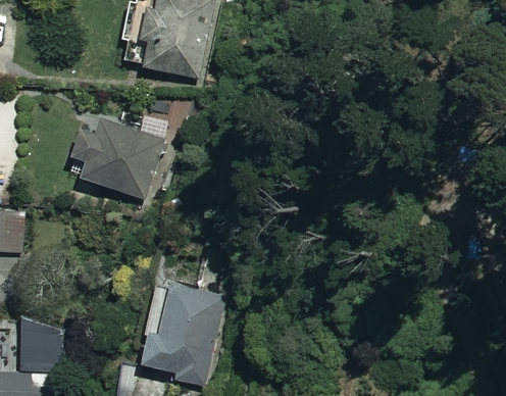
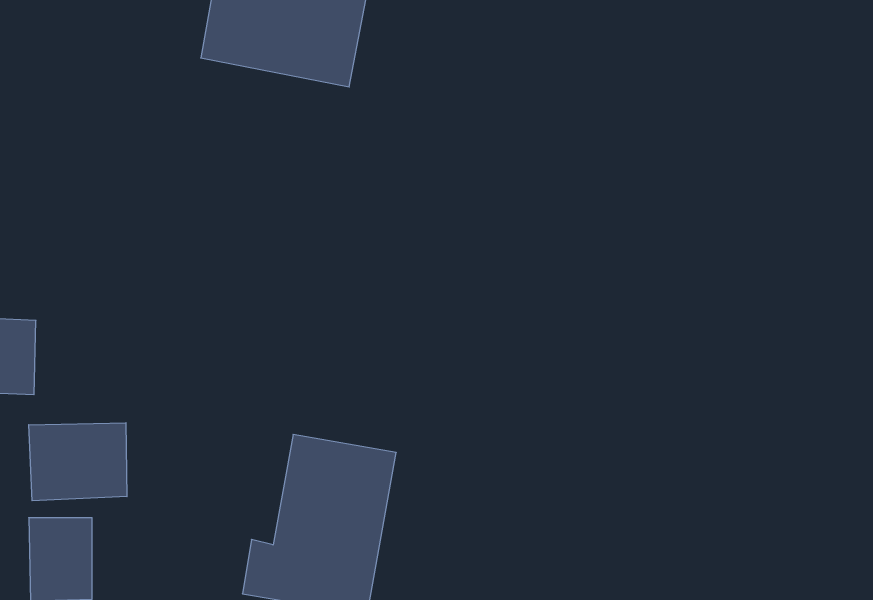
building: [67,119,172,201] -> none
building: none -> [29,423,127,501]

